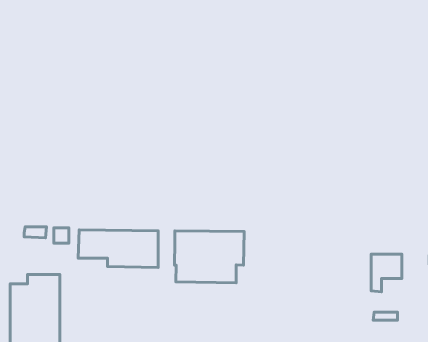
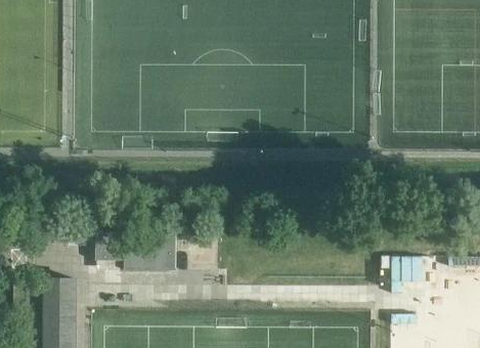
building: [174,231,244,283] -> none

